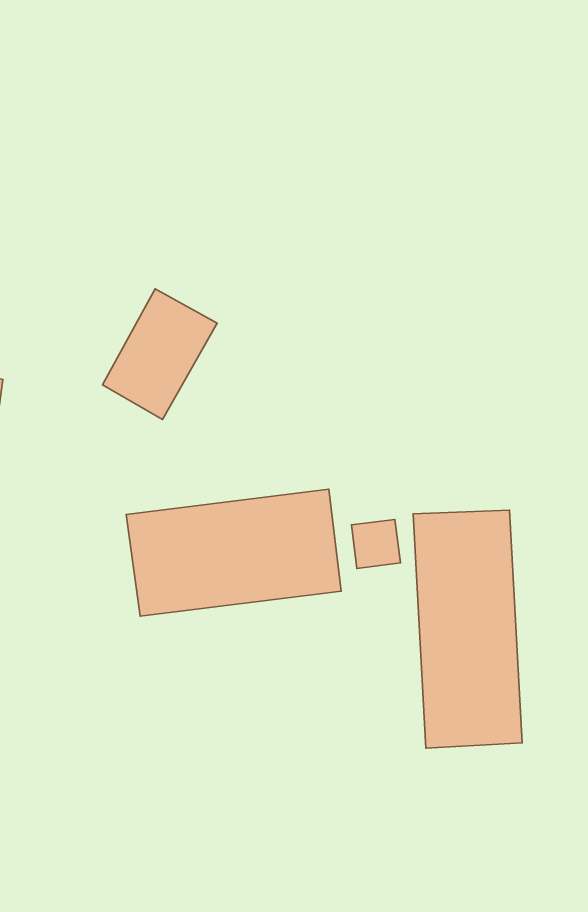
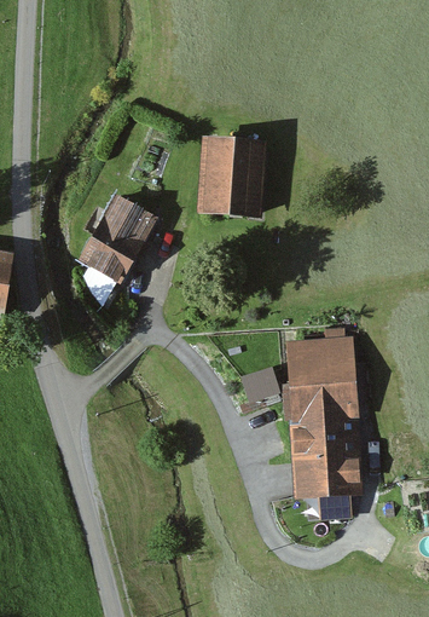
building: none -> [199,139,263,214]
building: [126,489,341,616] -> none

